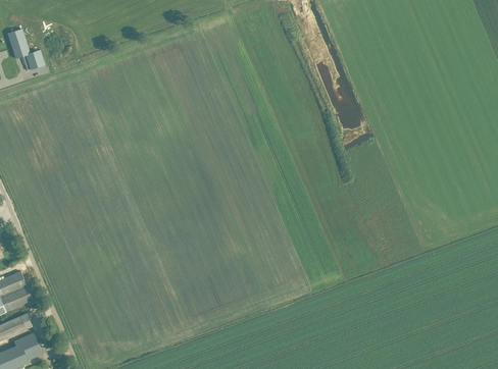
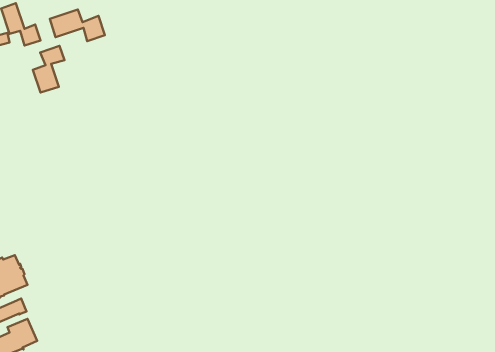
building: none -> [50,9,105,41]
building: none -> [33,46,64,93]

